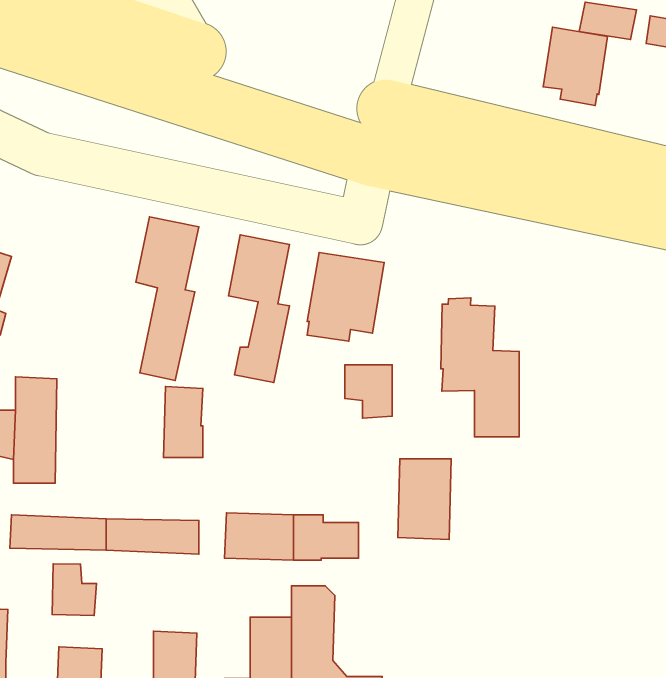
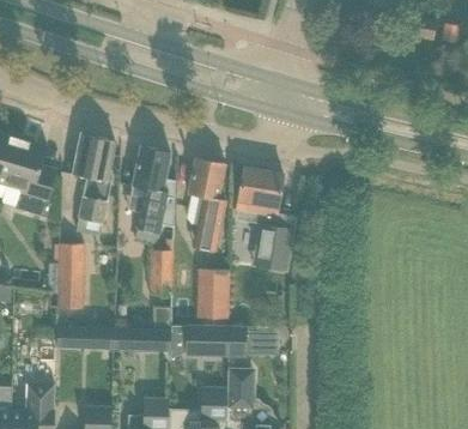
building: [543,27,607,105] -> none
building: none -> [72,132,114,235]
building: [441,298,519,437] -> none
building: [398,459,451,540] -> [196,268,229,318]
building: [52,564,96,615] -> none

